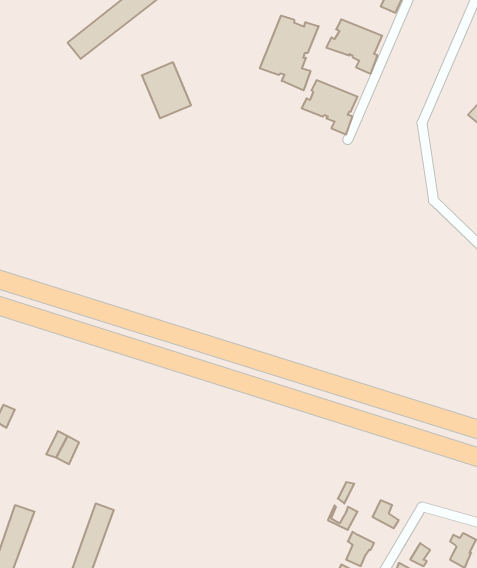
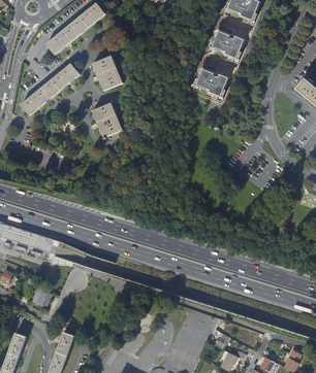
building: [260,16,319,90] -> none
building: none -> [20,62,80,114]
building: none -> [92,102,122,137]

